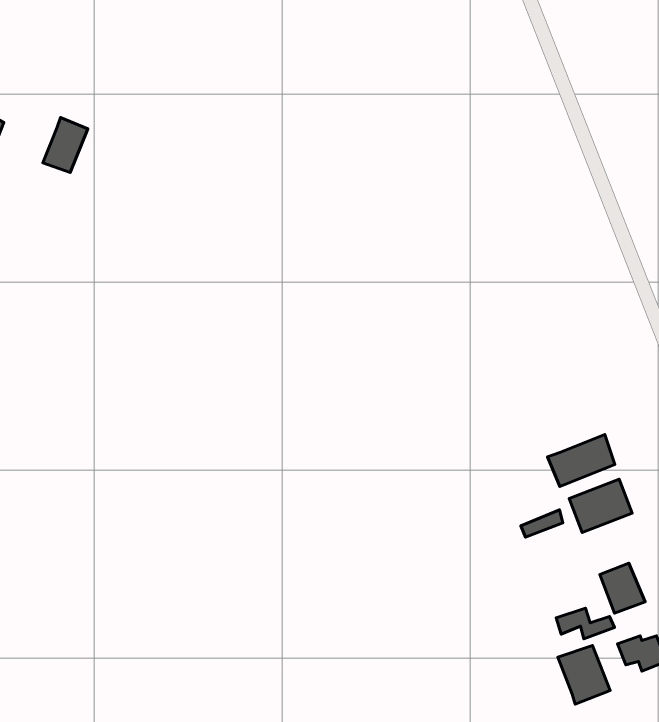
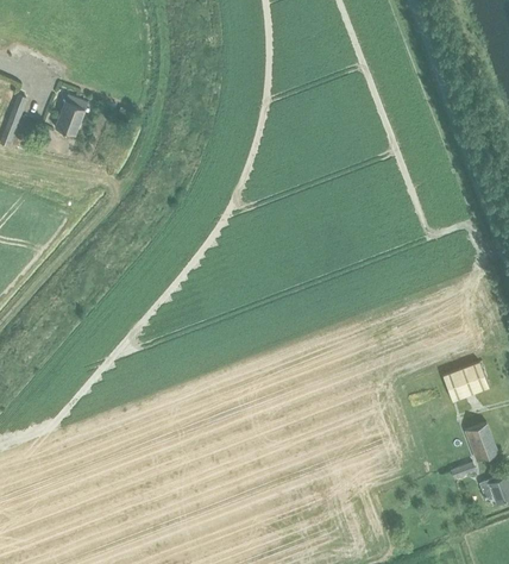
building: [548,435,615,486] -> none
building: [558,645,610,704] -> none

